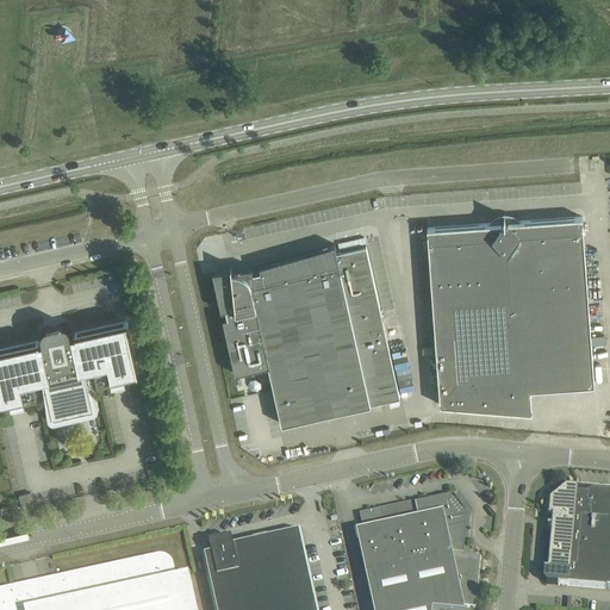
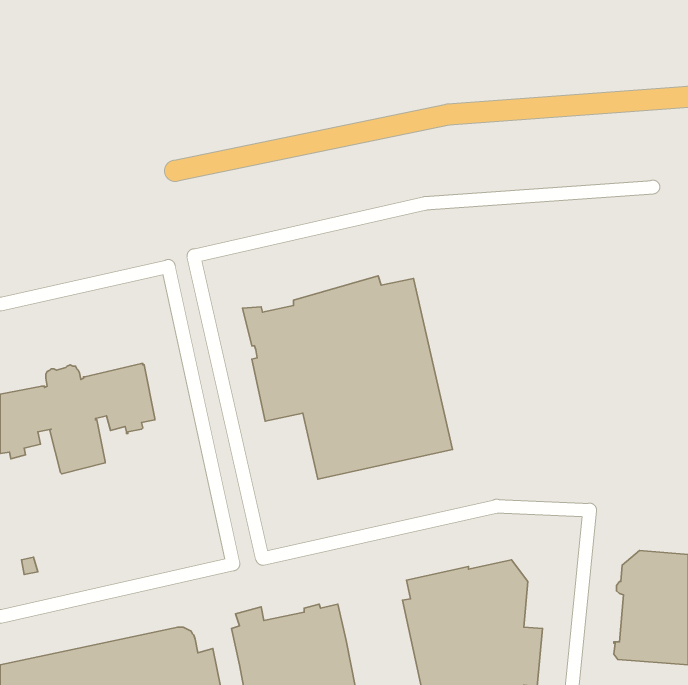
building: [427,218,595,415] -> none

